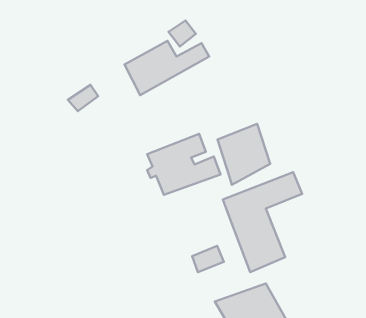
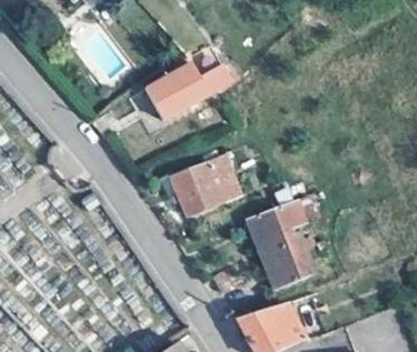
building: [218,124,270,185] -> none

